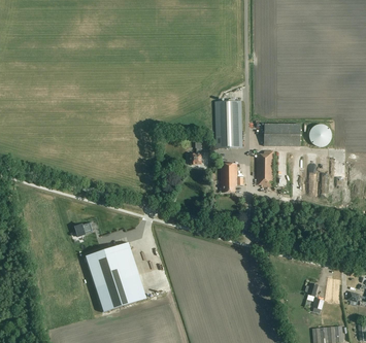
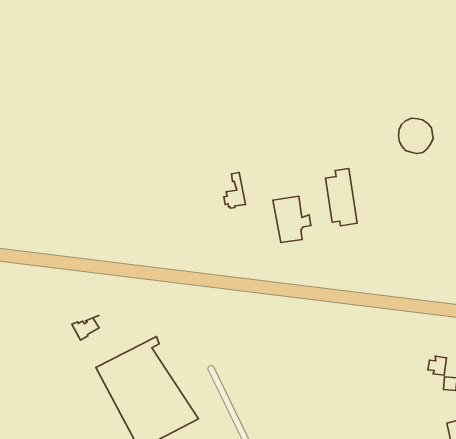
building: [215,100,243,147] -> none
building: [264,123,301,145] -> none

